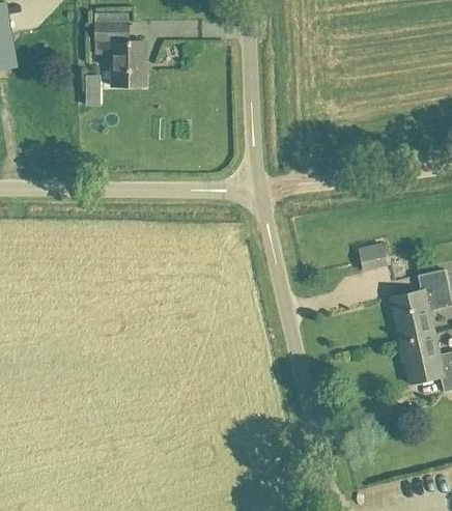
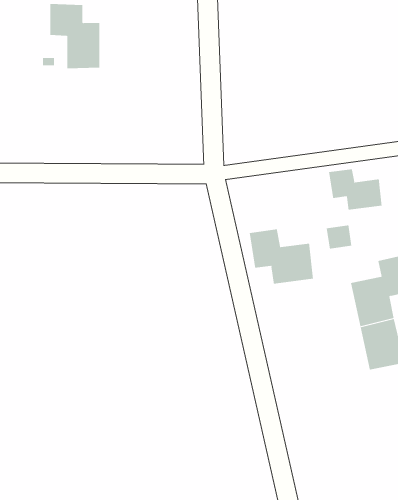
building: none -> [328,168,382,211]
building: none -> [249,229,314,285]

